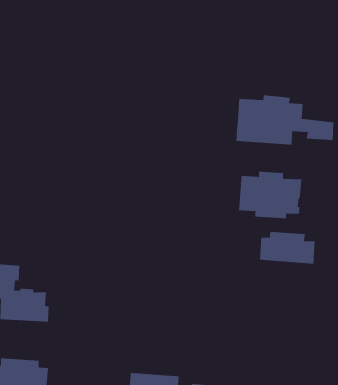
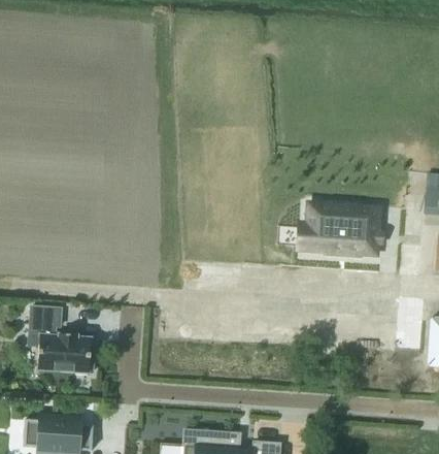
building: [236,94,334,145] -> none
building: [259,231,315,265] -> none

